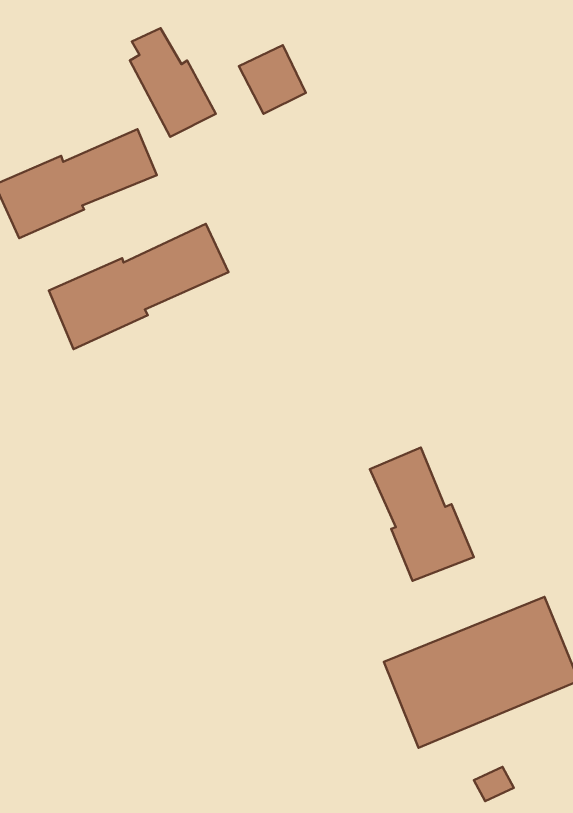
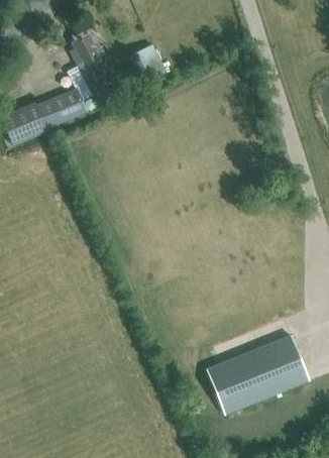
building: [49,224,228,349] -> none
building: [370,448,474,581] -> none

